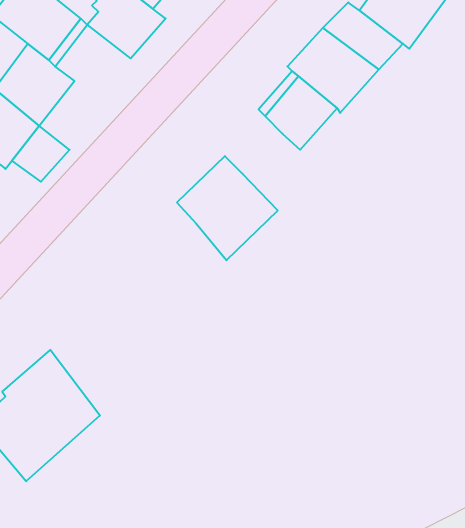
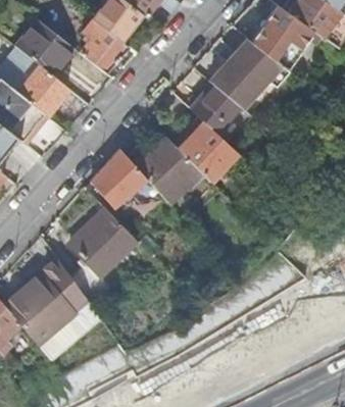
building: none -> [177,121,236,183]
building: none -> [91,149,147,207]
building: none -> [70,208,141,308]

